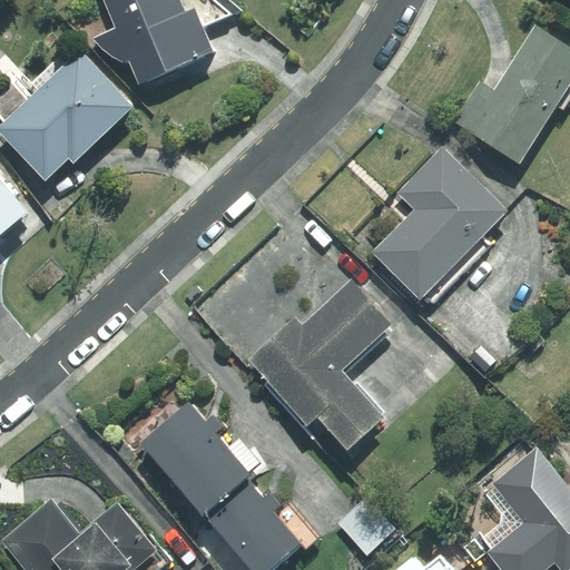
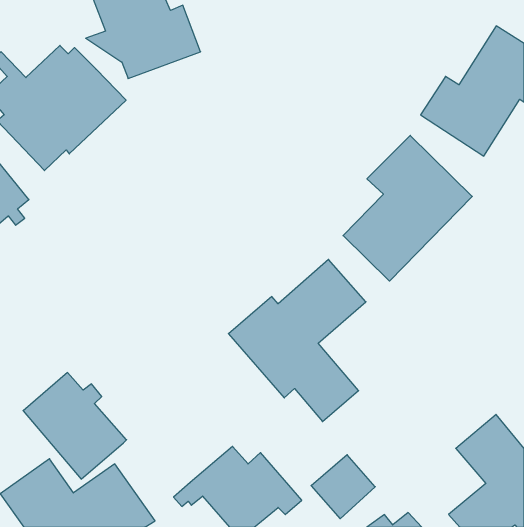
building: [142,405,254,520] -> [23,373,127,479]

